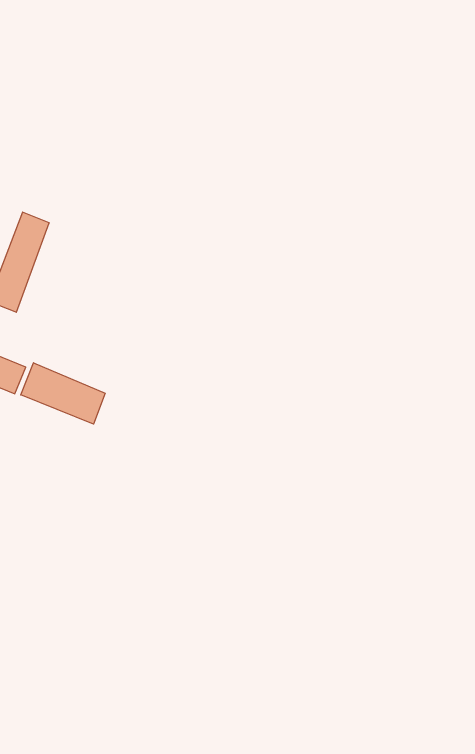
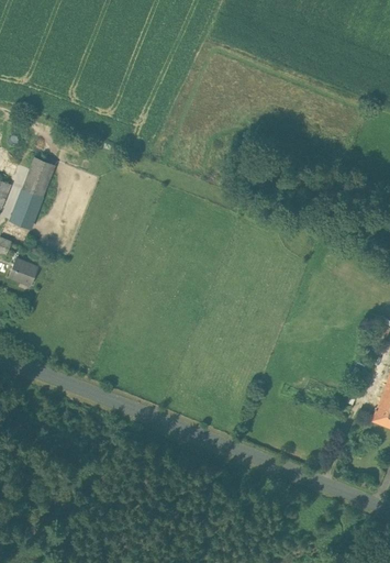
building: [21,363,105,424] -> none

